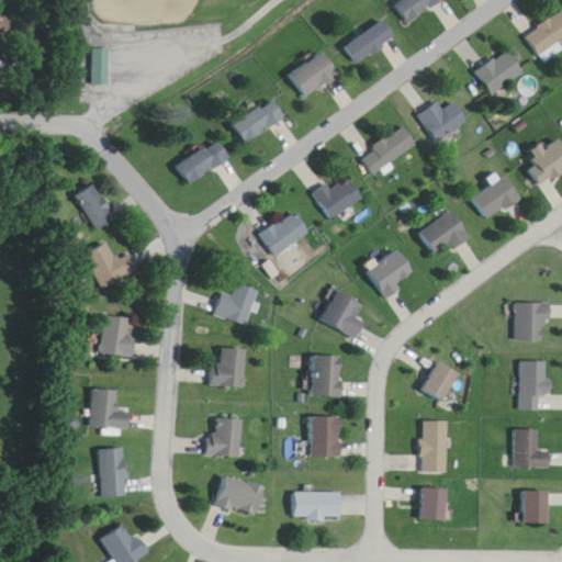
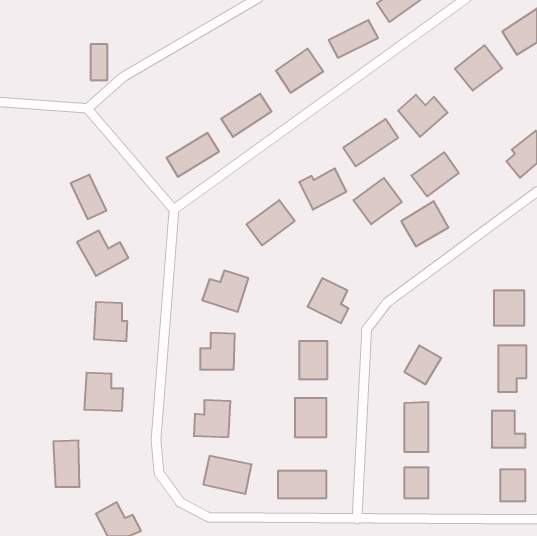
building: [471,175,520,221] -> [411,152,459,196]
building: [366,248,416,296] -> [353,178,402,224]
building: [97,447,124,495] -> [53,441,80,487]

